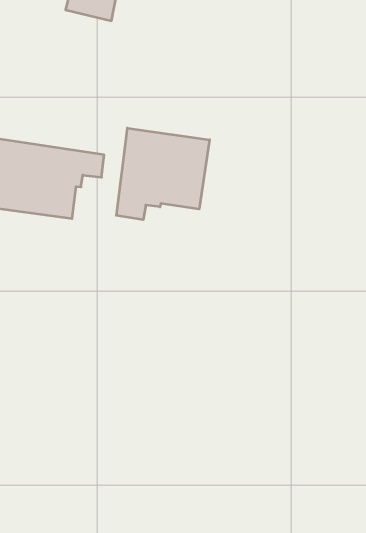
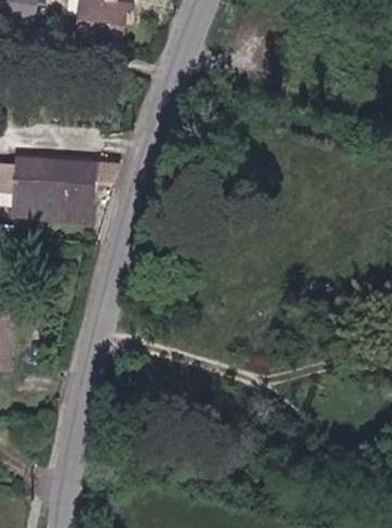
building: [116,128,210,220] -> none

